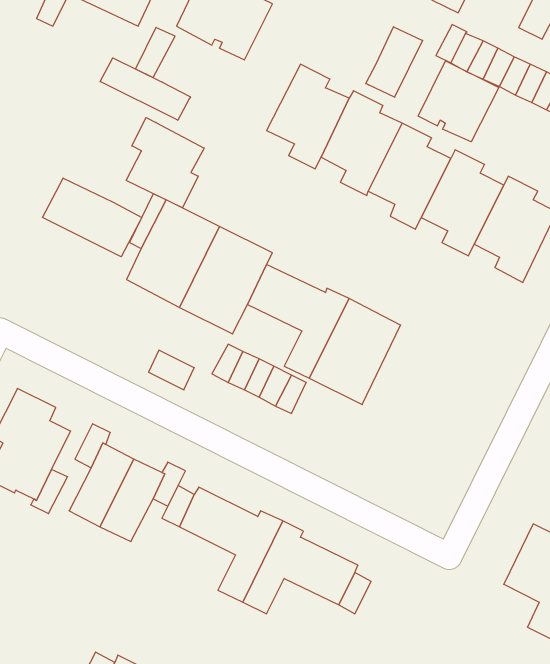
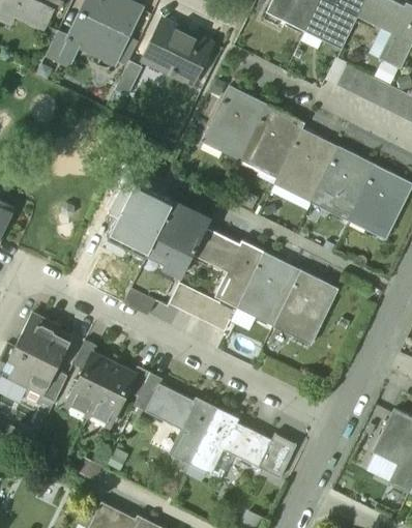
building: [366,27,423,97] -> none
building: [100,58,190,120] -> none
building: [418,61,499,142] -> none
building: [126,118,204,208] -> none
building: [42,178,142,257] -> none
building: none -> [273,270,337,345]

